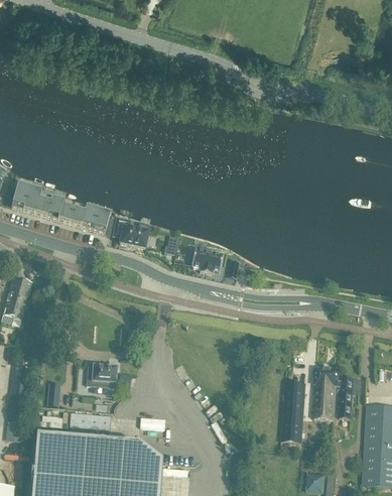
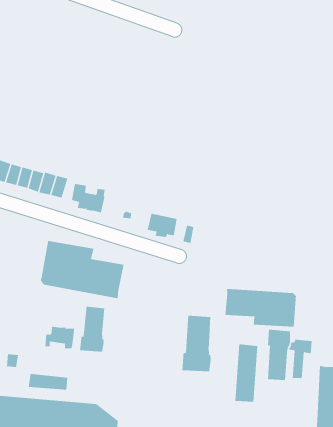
building: none -> [40,240,124,299]
building: none -> [225,288,296,328]
building: none -> [80,306,105,353]
building: none -> [182,315,211,372]

